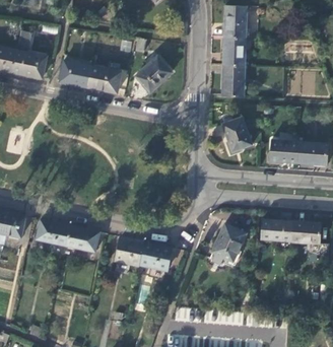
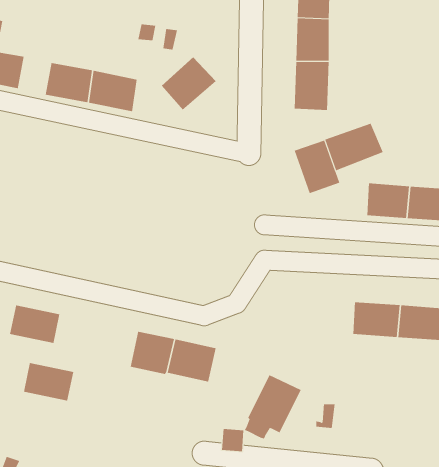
building: none -> [325,123,383,171]
building: [208,224,246,267] -> [244,374,302,439]
building: [65,227,98,253] -> [23,363,74,401]

